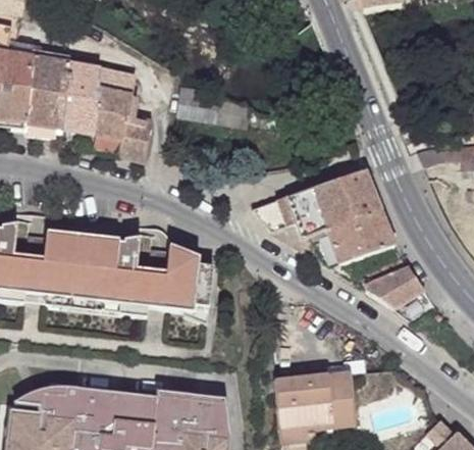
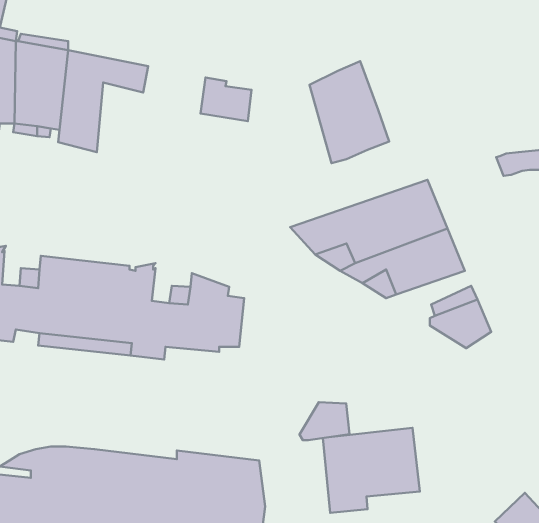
building: none -> [310,61,389,163]
building: [92,88,150,160] -> none
building: none -> [300,402,350,440]

